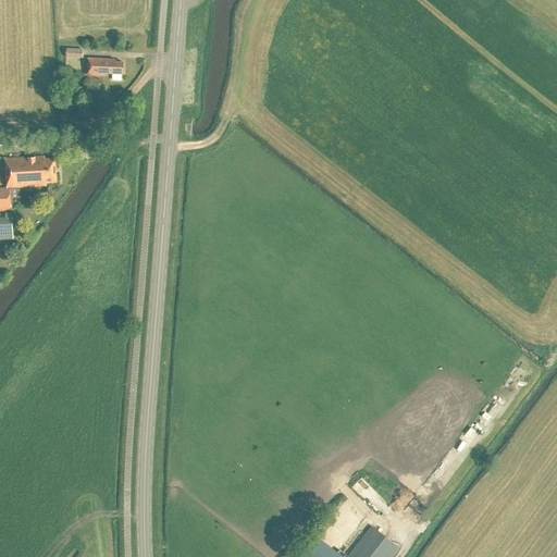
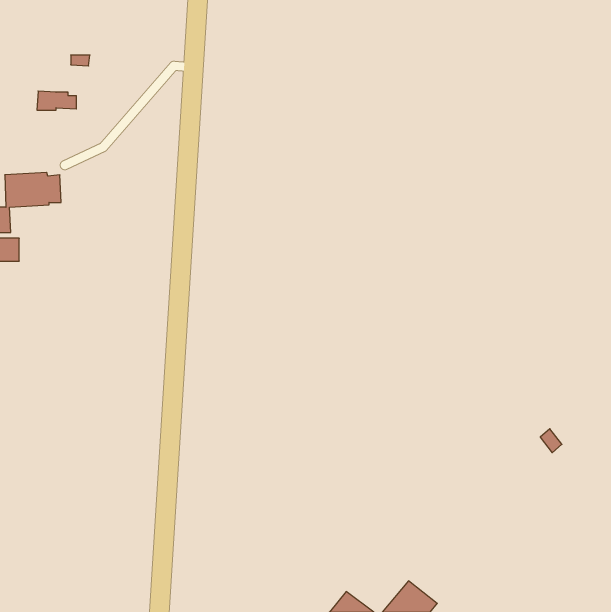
building: [86,59,122,76] -> [37,91,76,110]

